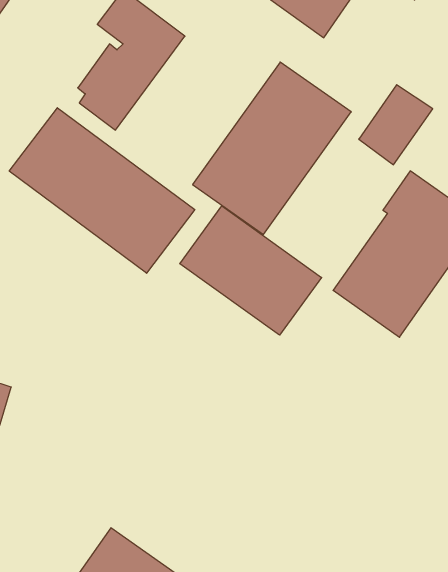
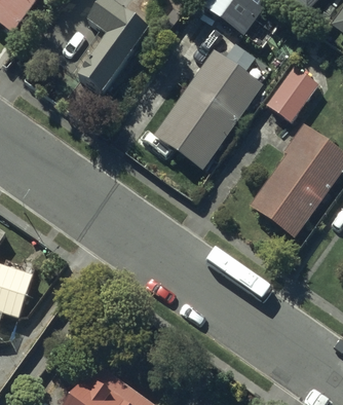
building: [9,108,195,273] -> none
building: [180,206,322,335] -> none

